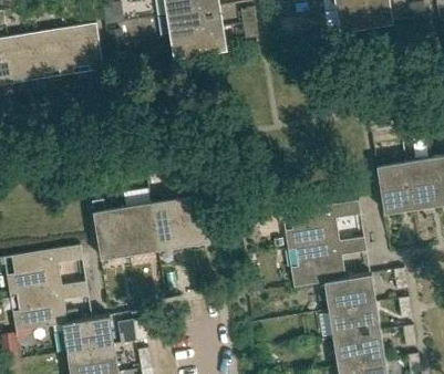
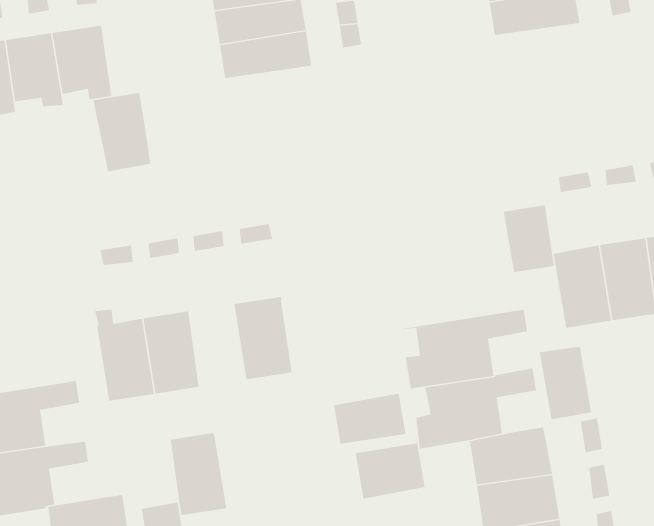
building: none -> [93,92,151,172]
building: none -> [503,204,555,273]
building: [151,198,186,250] -> [170,432,227,516]
building: none -> [539,346,592,420]
building: none -> [333,393,406,445]
building: none -> [355,443,425,499]

